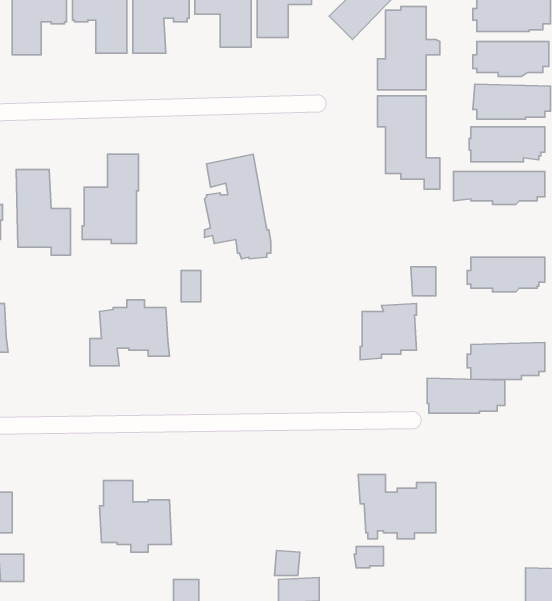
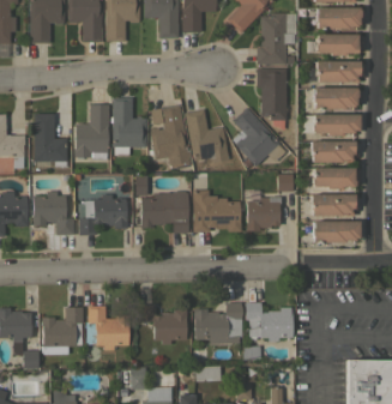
building: none -> [111,98,147,156]
building: none -> [233,108,279,167]
building: none -> [185,109,229,163]
building: none -> [310,141,358,163]
building: none -> [32,191,74,235]
building: none -> [193,191,241,231]
building: none -> [140,193,188,234]
building: [427,378,505,413] -> [310,194,358,216]
building: none -> [194,303,242,344]
building: none -> [138,304,187,345]
building: none -> [42,307,84,355]

